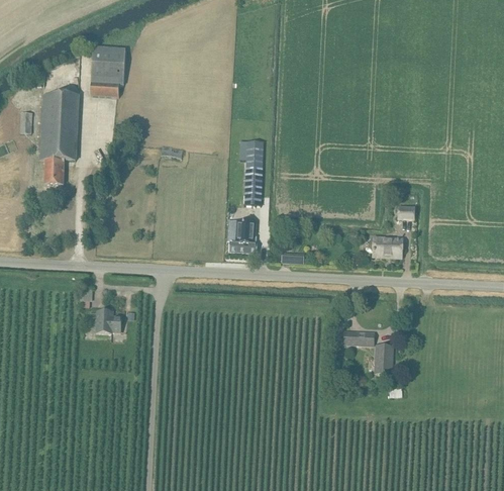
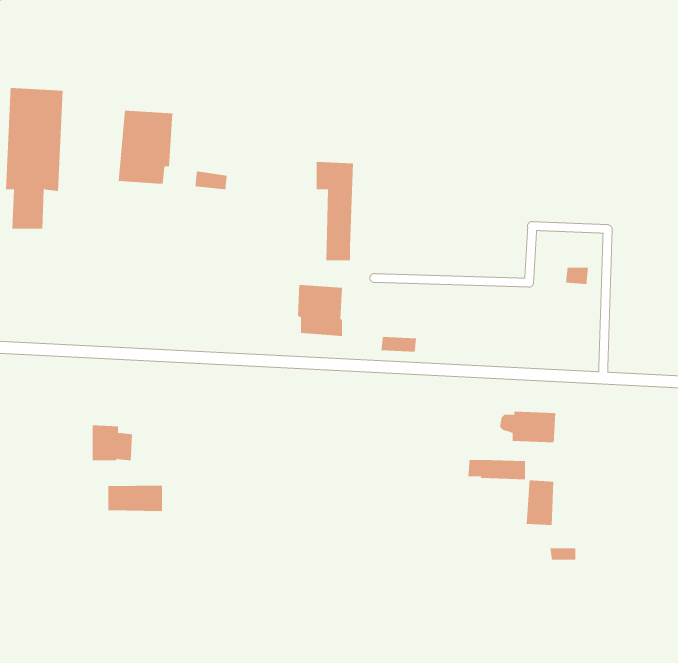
building: [90,46,125,94] -> [118,110,173,184]
building: [366,235,402,256] -> [499,411,556,443]
building: none -> [108,485,163,512]

